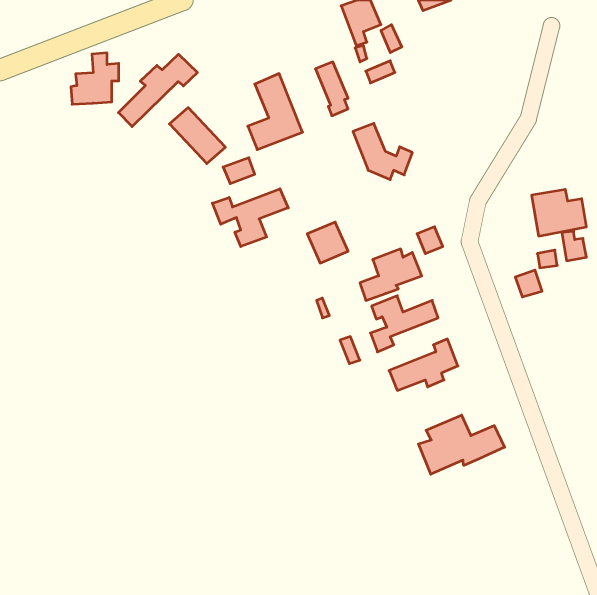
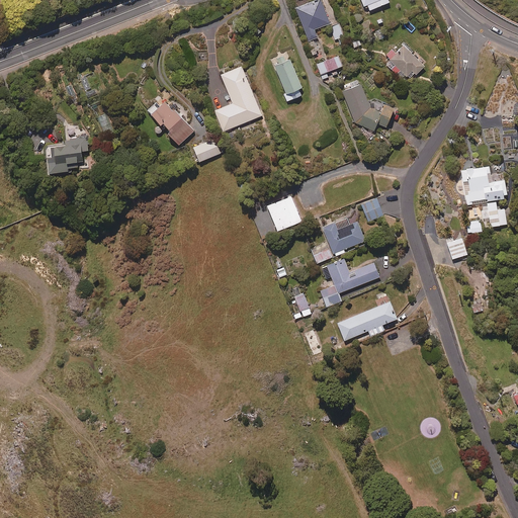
building: none -> [386,44,425,79]
building: [71,53,119,104] -> [47,125,88,170]
building: [118,54,197,127] -> none
building: [353,123,412,180] -> [342,82,394,131]
building: [212,189,288,247] -> none
building: [418,415,505,474] -> none

